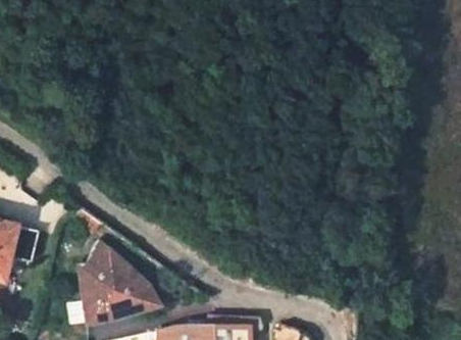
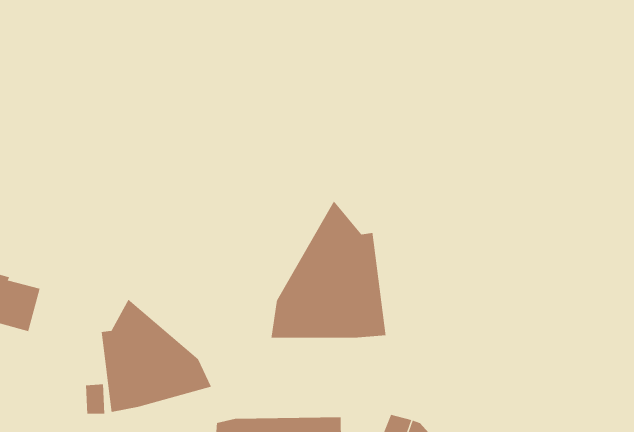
building: none -> [271,200,386,339]

